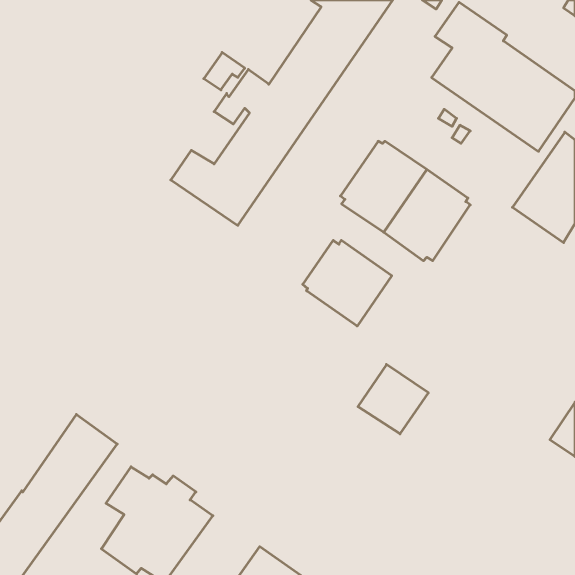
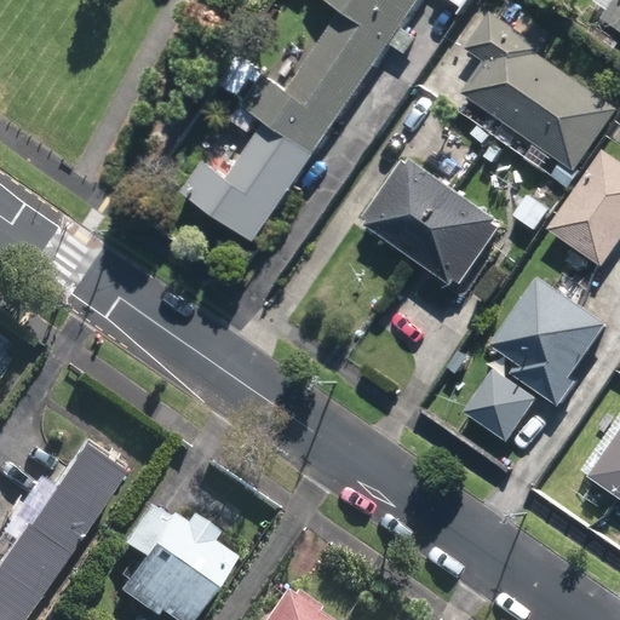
building: [303,240,392,326] -> none
building: none -> [489,274,605,403]
building: [358,364,428,434] -> [460,366,535,440]

